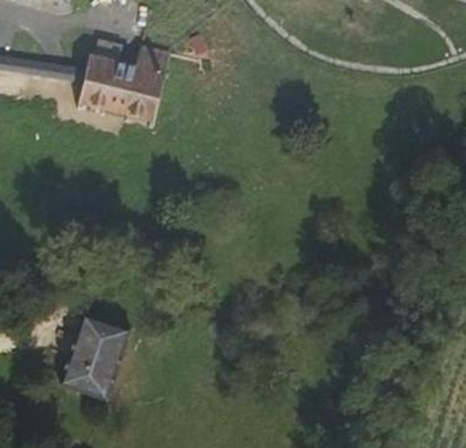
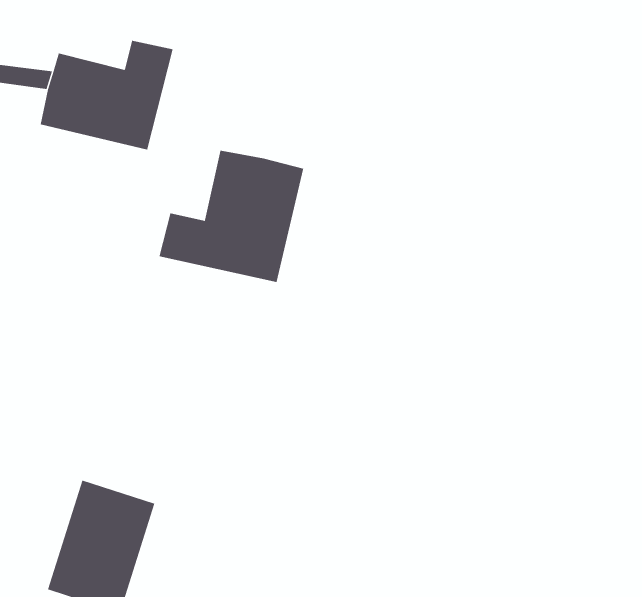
building: none -> [159,150,304,283]

